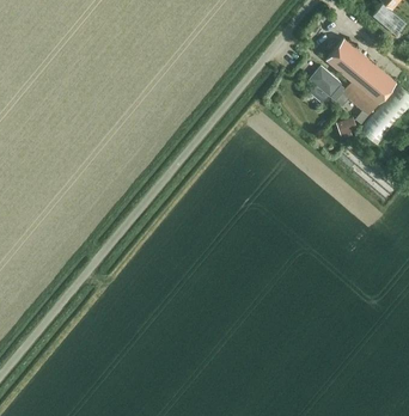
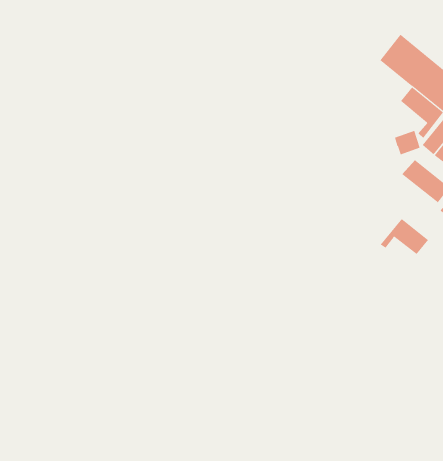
building: [310,67,344,103] -> none
building: none -> [380,218,429,255]

